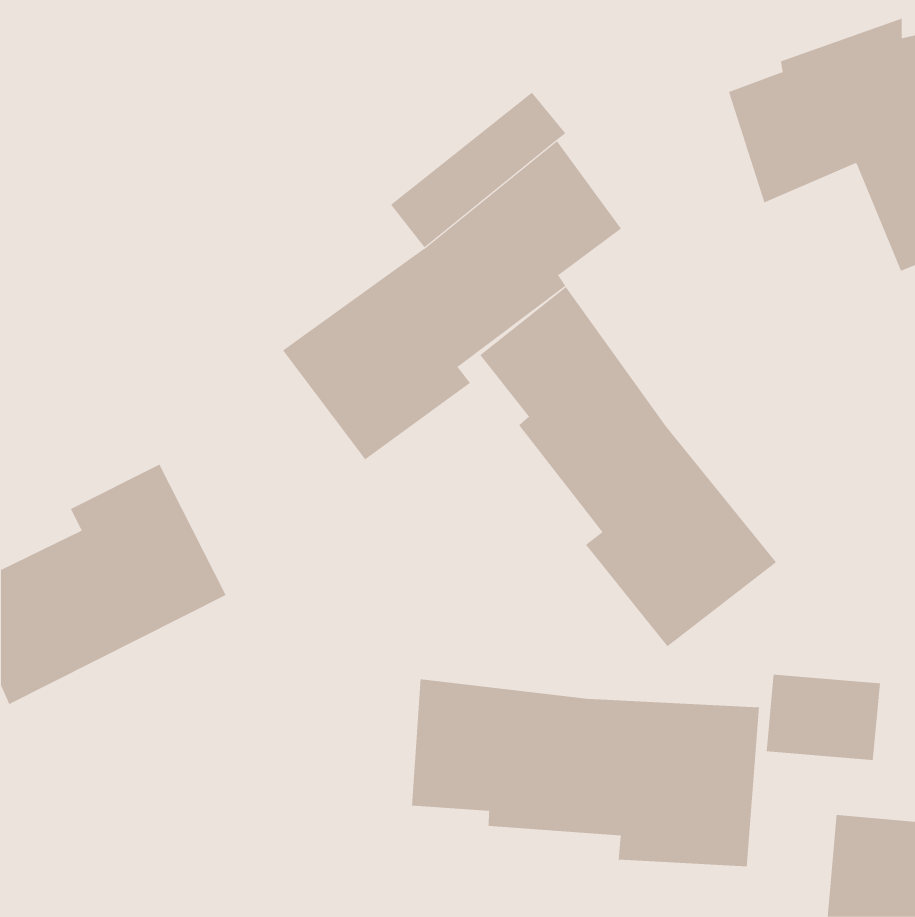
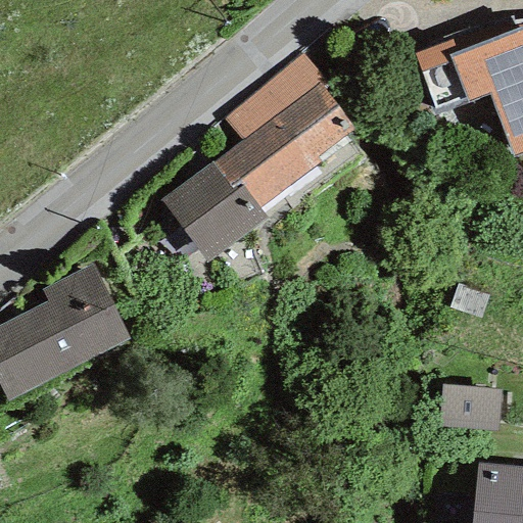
building: [480,286,777,647] -> none
building: [412,678,760,867] -> none

